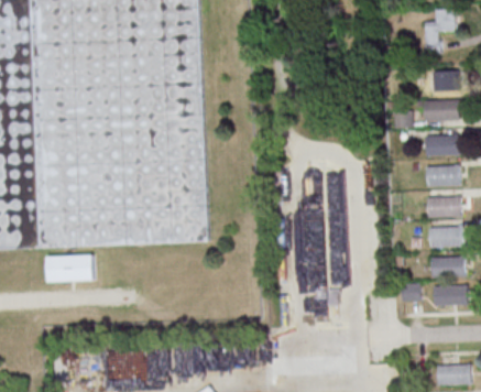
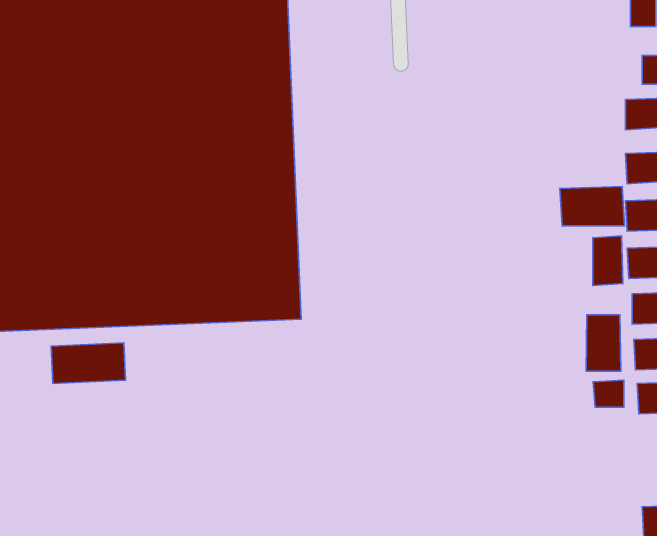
building: none -> [560,186,625,226]
building: none -> [593,236,623,286]
building: none -> [586,315,621,371]

